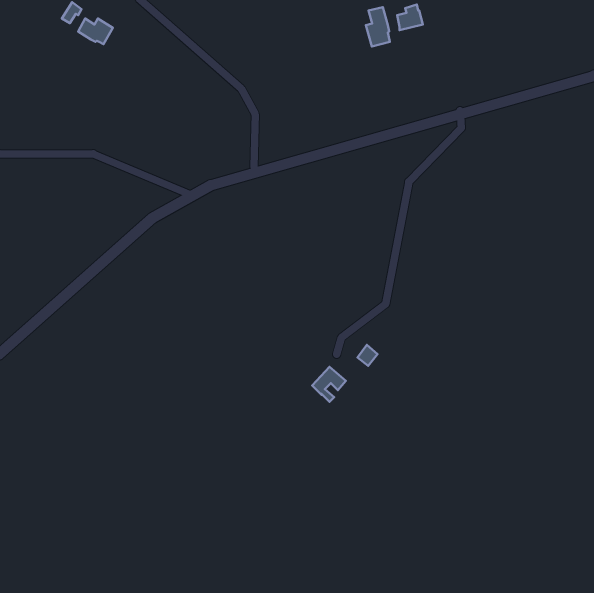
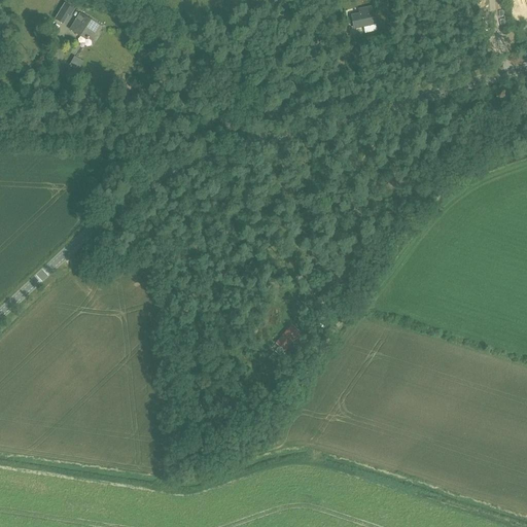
building: [366,7,390,47] -> none

